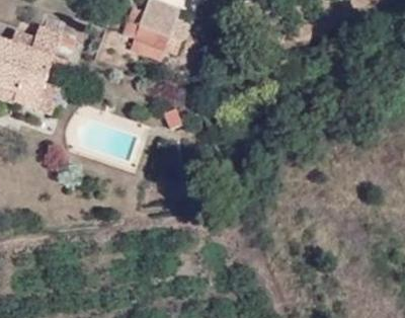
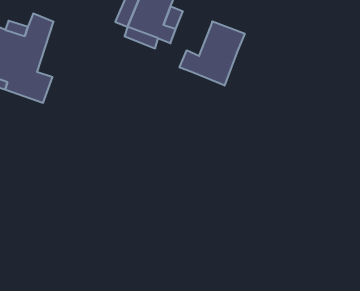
building: none -> [180,21,245,86]

